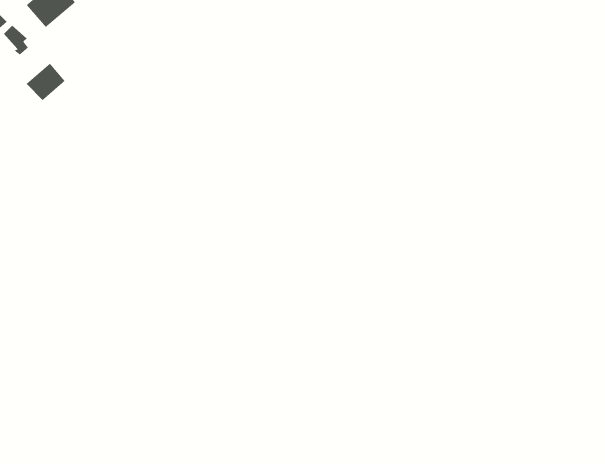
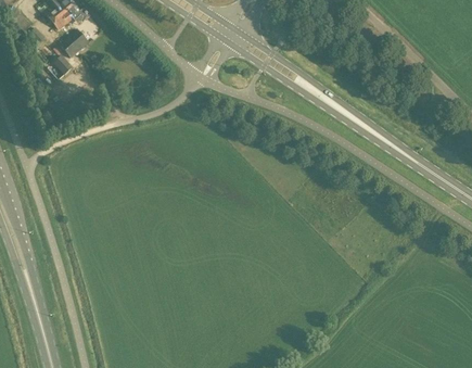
building: none -> [61,28,91,58]

